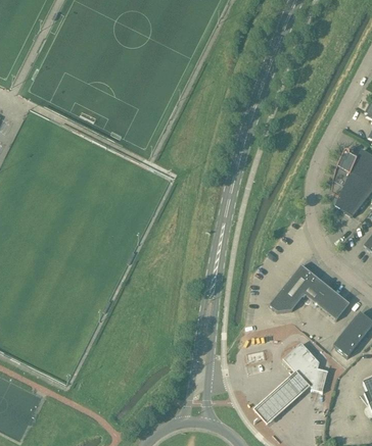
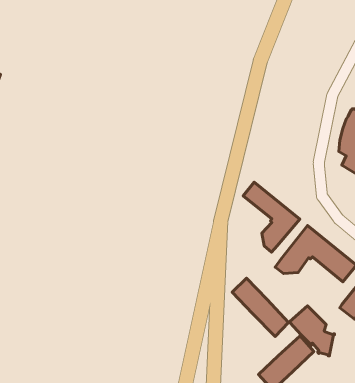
building: none -> [243,182,300,252]
building: none -> [232,278,289,337]

